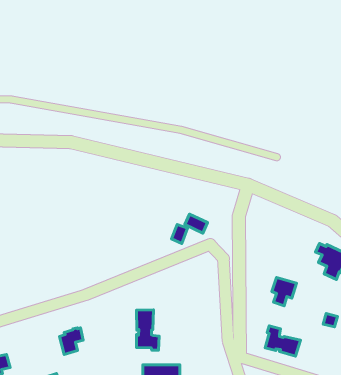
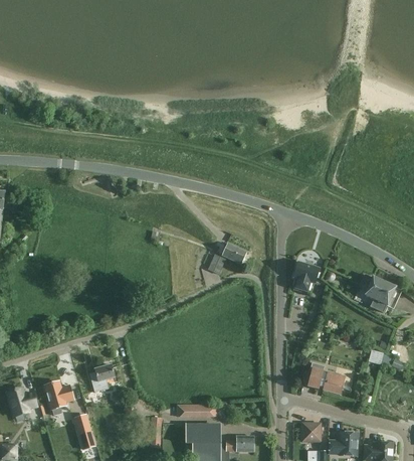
building: [272,277,296,306] -> [292,262,319,292]
building: [137,310,159,350] -> none
building: none -> [43,381,72,410]

